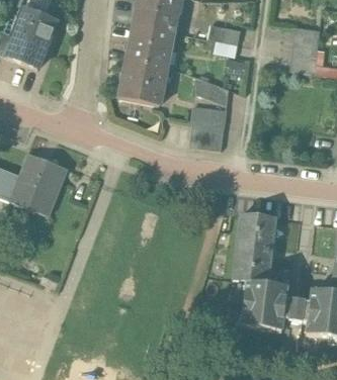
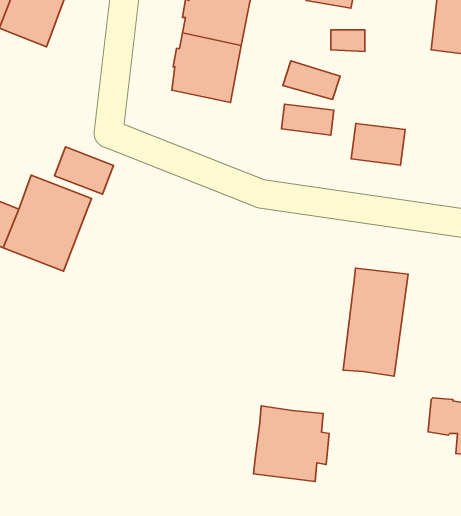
building: [189,122,225,150] -> [351,123,405,165]
building: none -> [54,147,114,194]
building: [241,281,290,330] -> [254,406,329,482]

